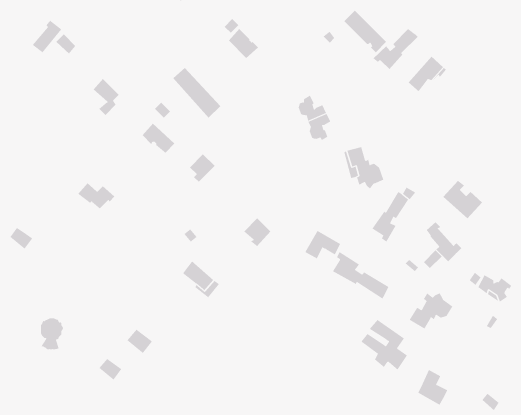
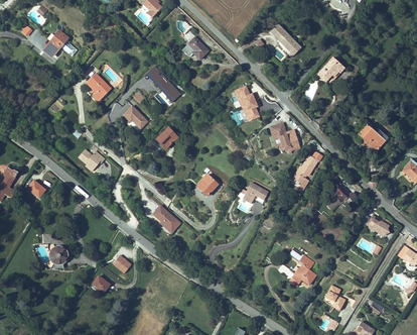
building: [373,28,419,70] -> none
building: [443,180,483,219] -> [359,121,388,149]
building: [332,251,389,299] -> none
building: [409,292,453,329] -> none

